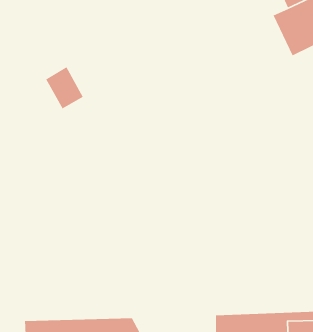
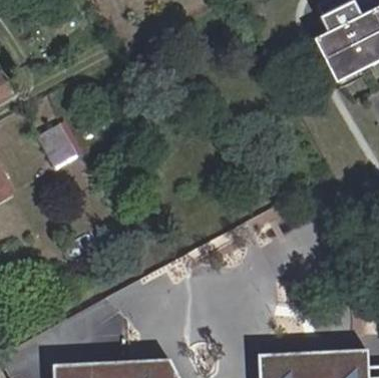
building: [45,66,84,109] -> [37,121,78,167]

